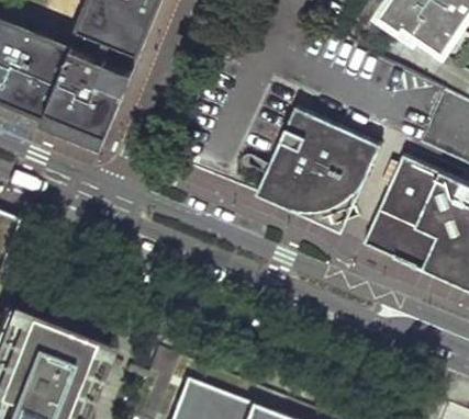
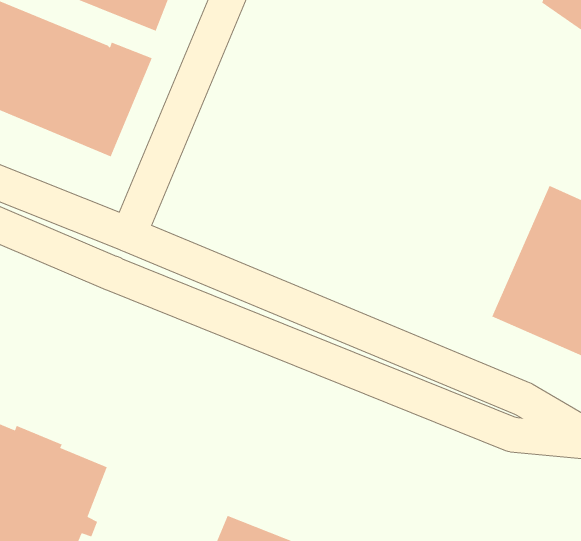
building: [258,107,383,214] -> none

